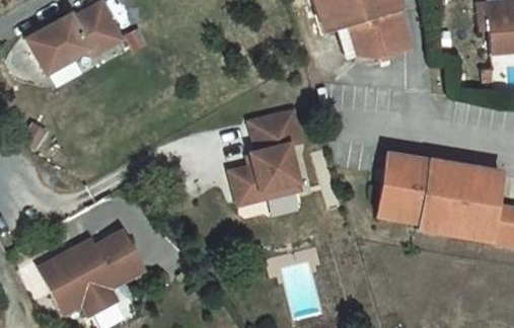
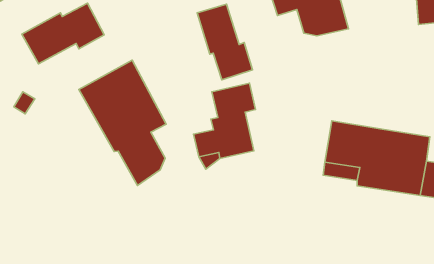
building: none -> [197,4,252,80]
building: none -> [79,60,166,186]
building: [39,230,142,312] -> none

